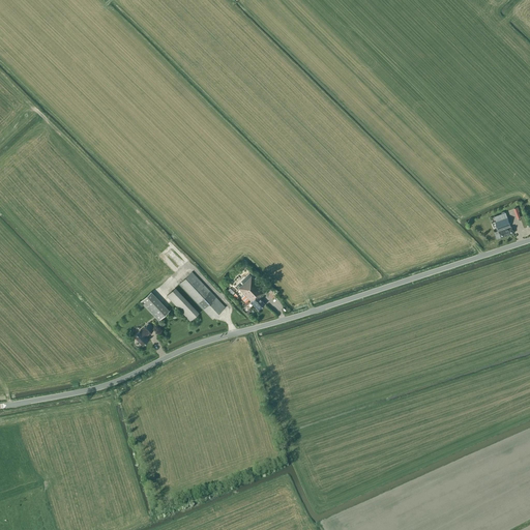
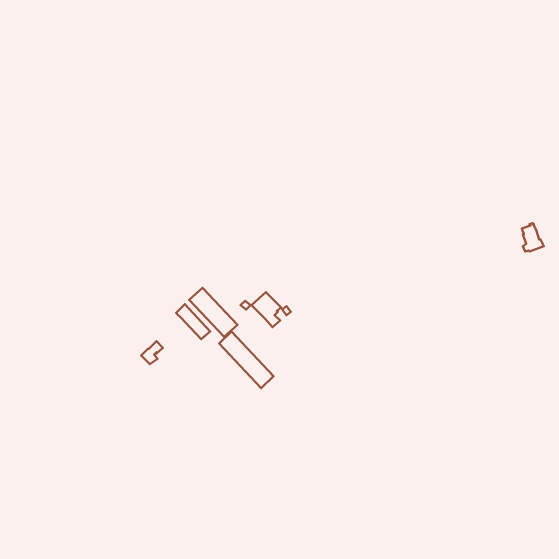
building: [140,292,169,321] -> none
building: none -> [219,331,273,388]

